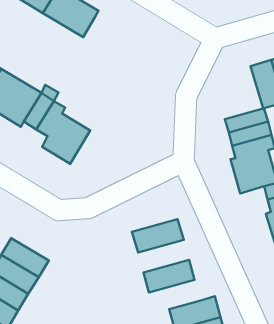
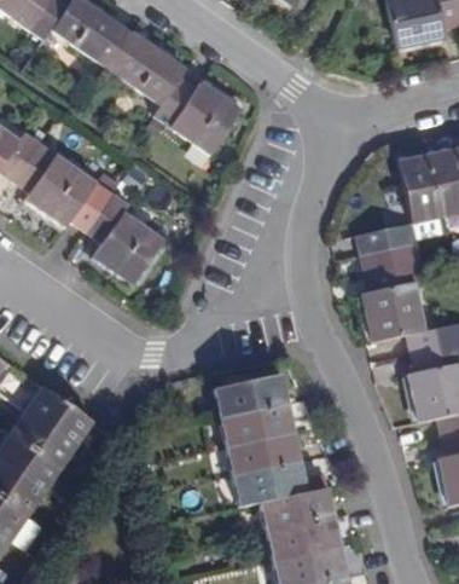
building: none -> [153,76,242,154]
building: none -> [221,404,294,447]
building: none -> [233,462,307,507]

